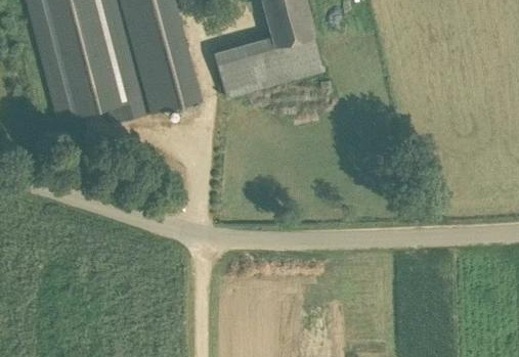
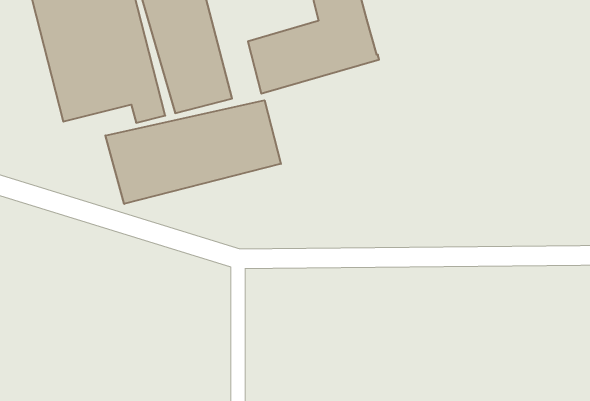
building: none -> [105,100,281,204]

